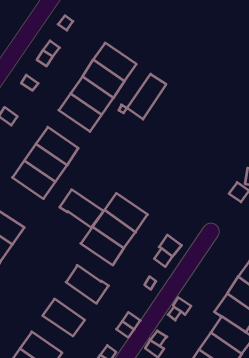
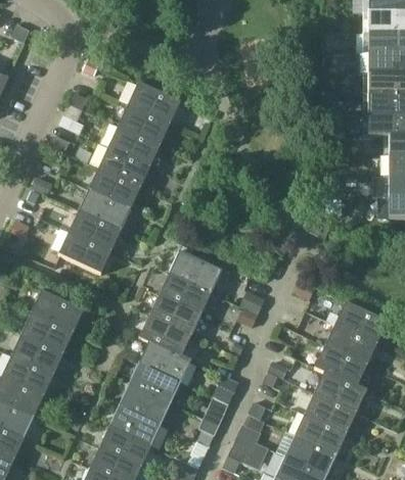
building: [127,74,166,119] -> none
building: none -> [89,169,138,208]
building: [60,190,104,228] -> [139,317,190,356]
building: none -> [130,364,179,403]
building: none -> [110,406,159,445]

